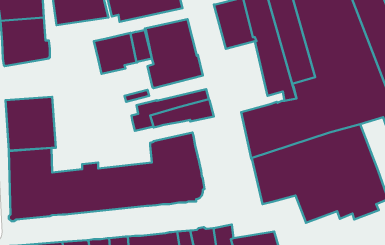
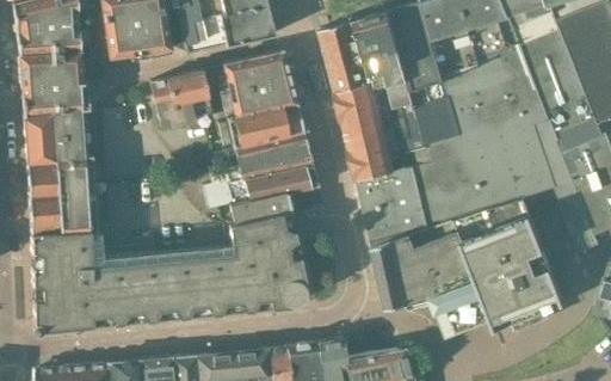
building: none -> [337,80,397,179]
building: none -> [25,103,93,162]
building: none -> [235,128,309,164]
building: none -> [232,190,290,220]

